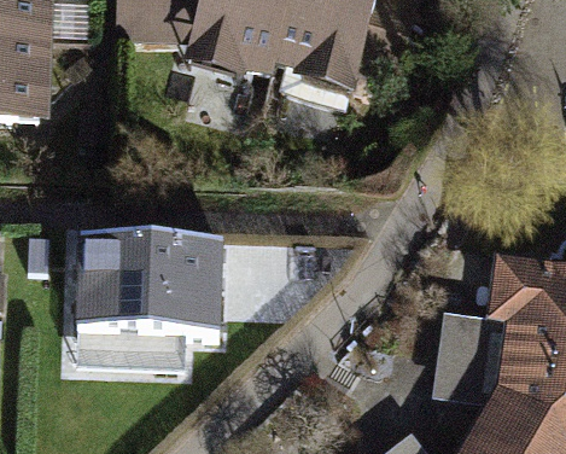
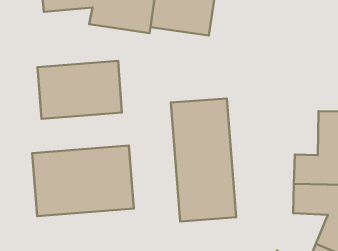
building: none -> [38,61,122,119]
building: none -> [171,98,236,221]

